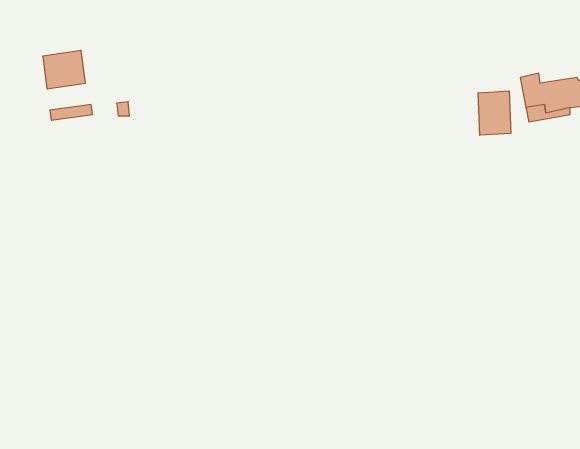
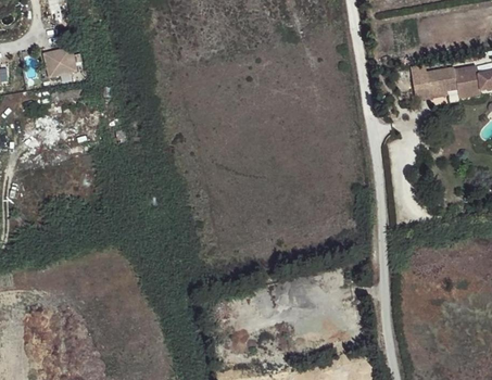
building: [478,91,511,135] -> none

